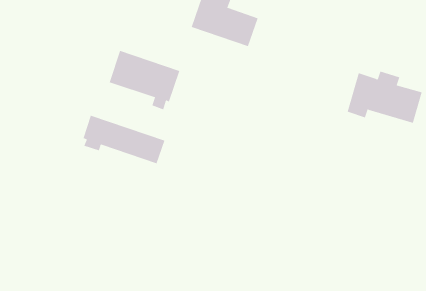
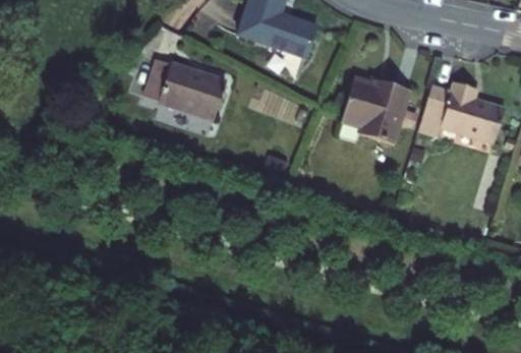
building: none -> [341,77,408,142]
building: [83,115,165,164] -> none

